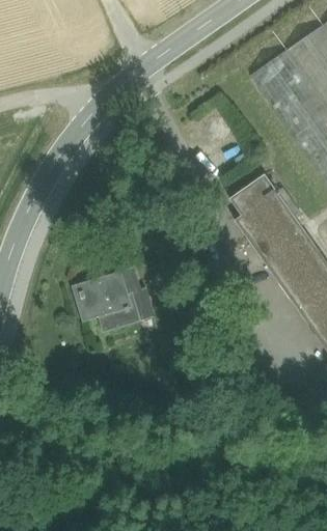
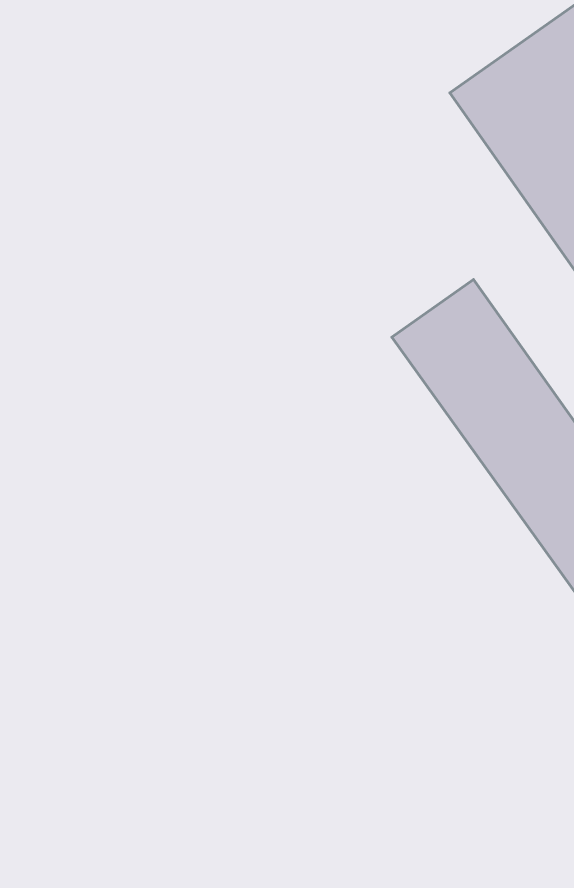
building: [72,266,148,329] -> none

